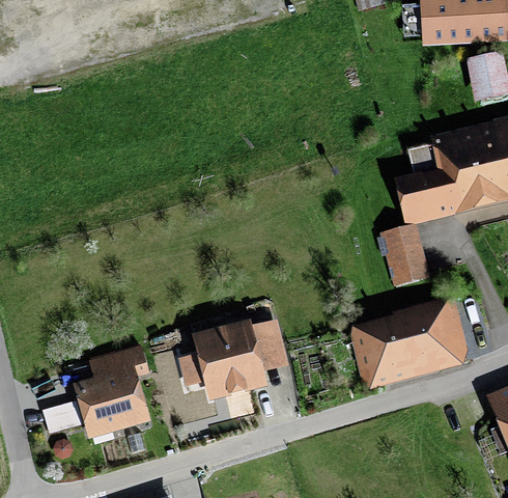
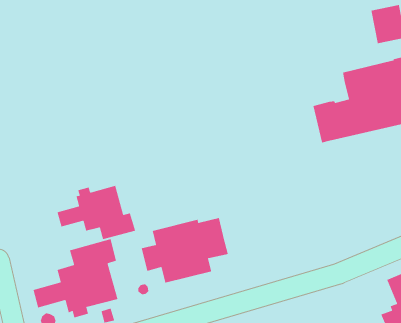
building: [376,222,429,284] -> none
building: none -> [56,185,136,241]
building: [348,295,471,389] -> none

